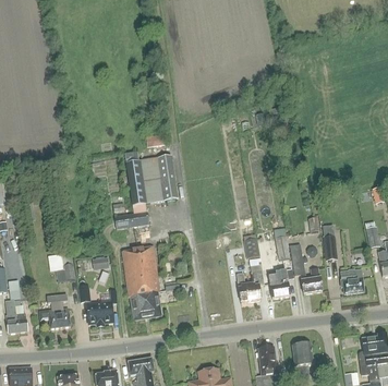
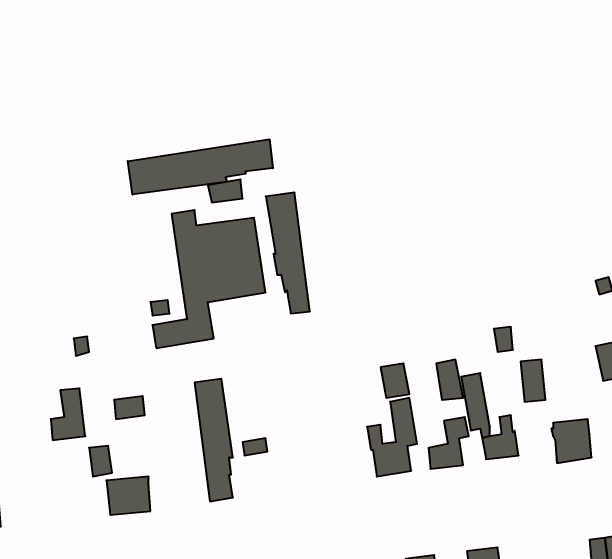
building: none -> [128,139,273,195]
building: [121,249,146,317] -> [266,193,310,313]
building: [38,293,70,327] -> none

